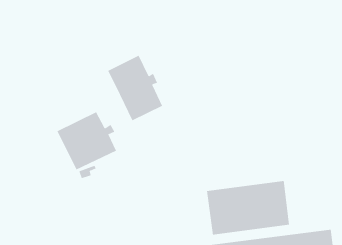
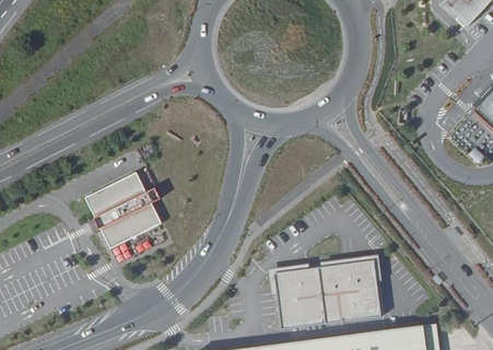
building: [108,55,163,121] -> none

